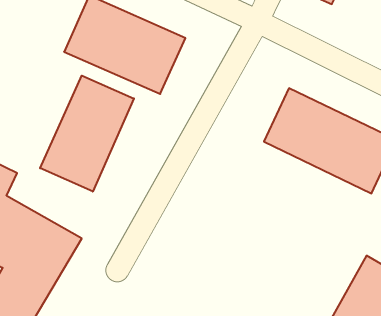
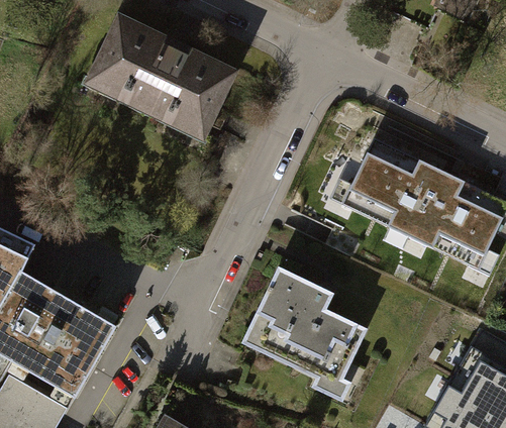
building: [40,76,134,192] -> none
building: none -> [239,274,365,392]

